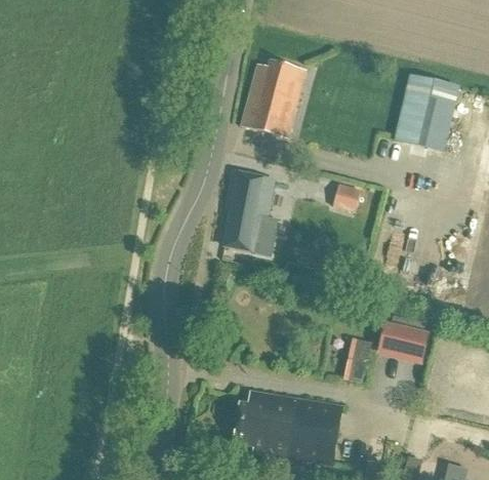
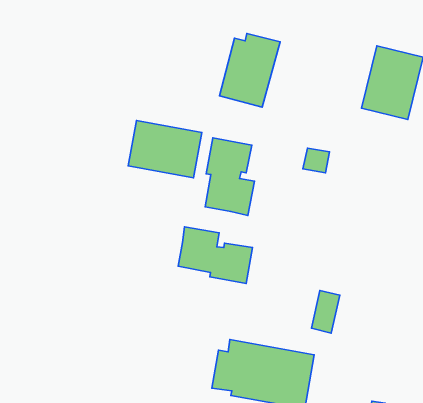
building: none -> [128,120,202,178]
building: none -> [178,227,252,284]
building: [377,324,427,363] -> none

